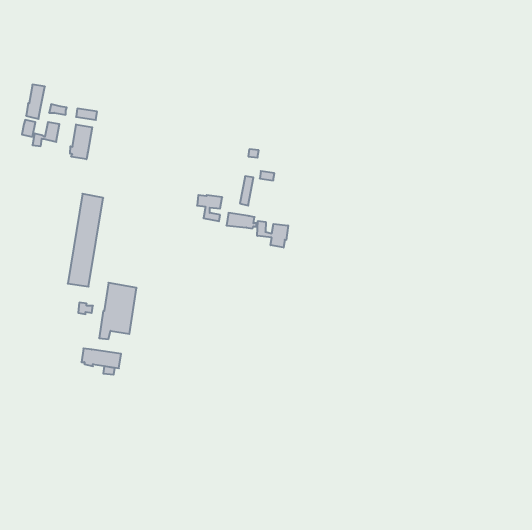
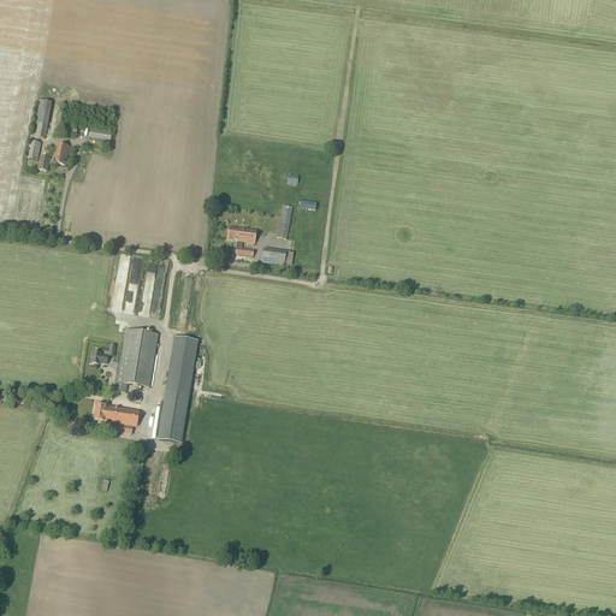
building: [70,124,92,159] -> none
building: [68,194,103,287] -> [158,334,199,442]
building: [257,221,288,248] -> none

